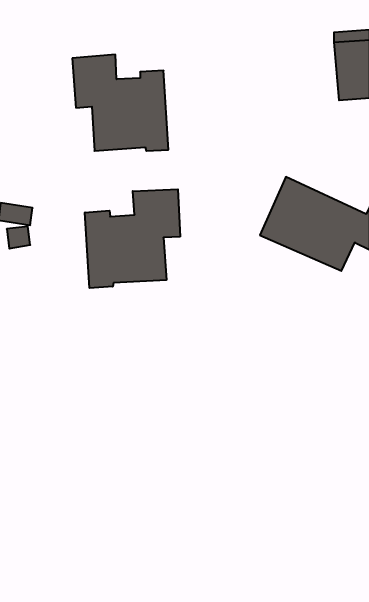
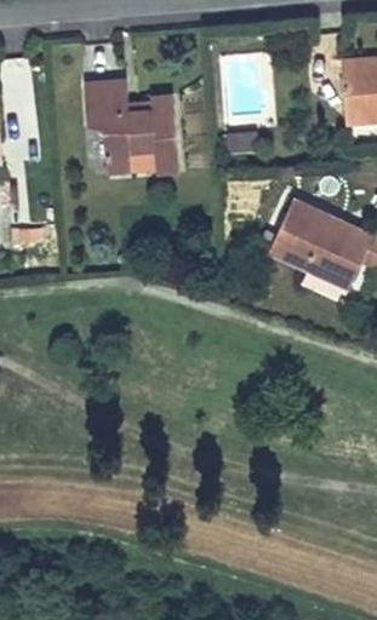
building: [85,189,180,288] -> none

